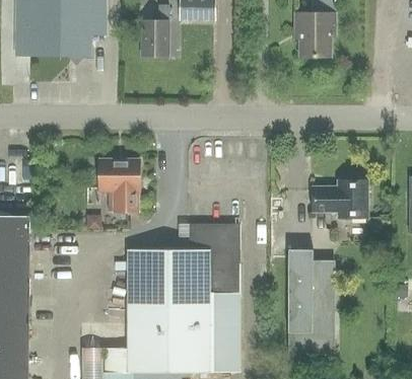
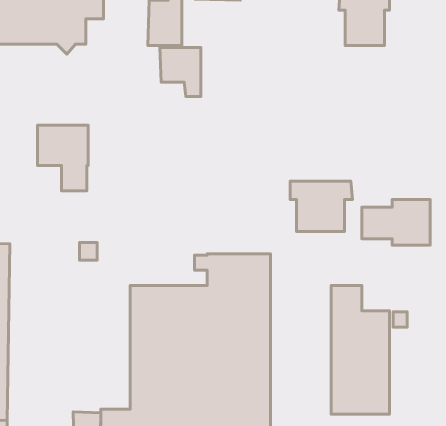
building: none -> [160,48,201,96]
building: [98,159,139,212] -> [38,125,88,191]
building: none -> [290,181,352,231]

